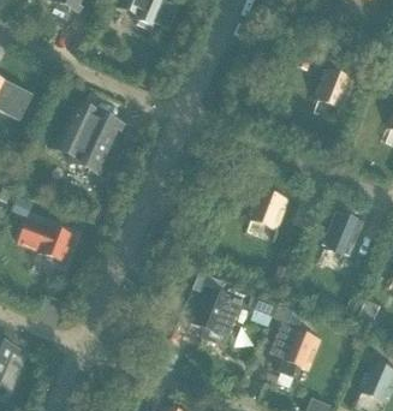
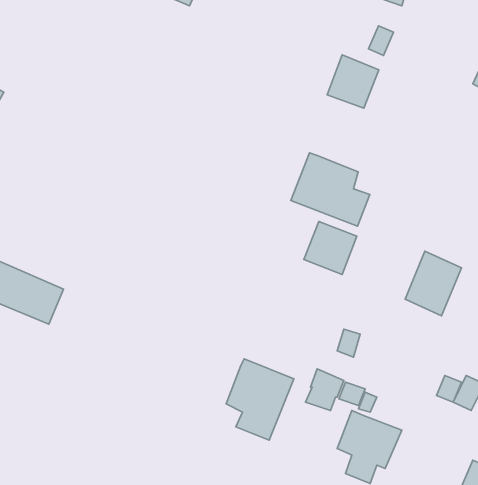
building: [317,67,355,106] -> [327,55,379,108]
building: [50,100,129,175] -> none
building: none -> [291,153,370,226]

